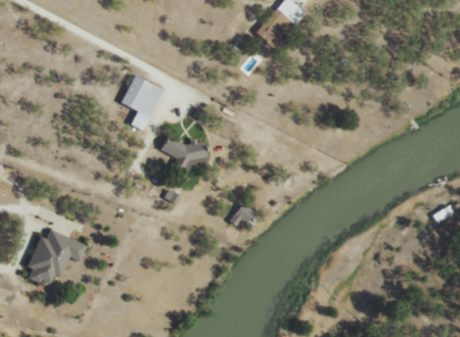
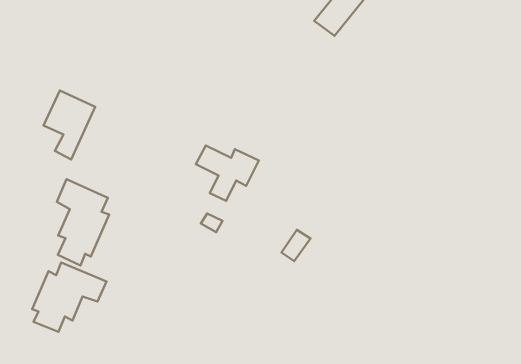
building: [122,75,164,131] -> [43,90,95,160]
building: none -> [57,179,109,266]

